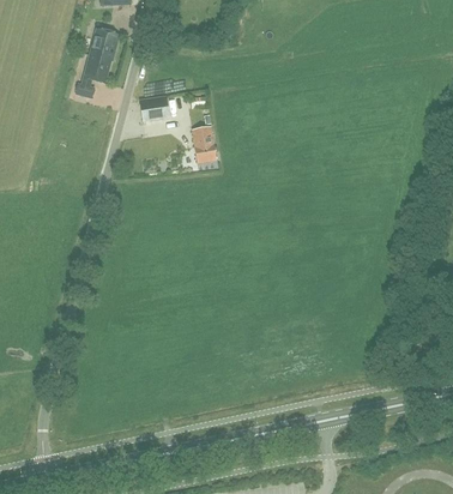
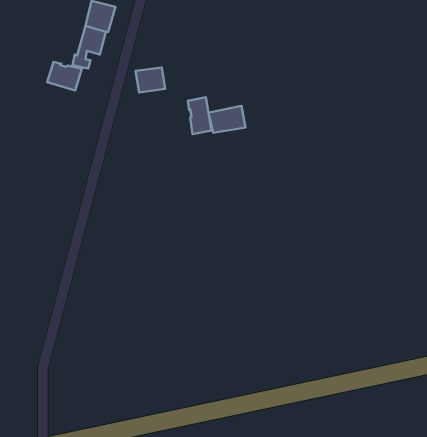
building: none -> [47,62,82,91]
building: none -> [209,106,245,133]

